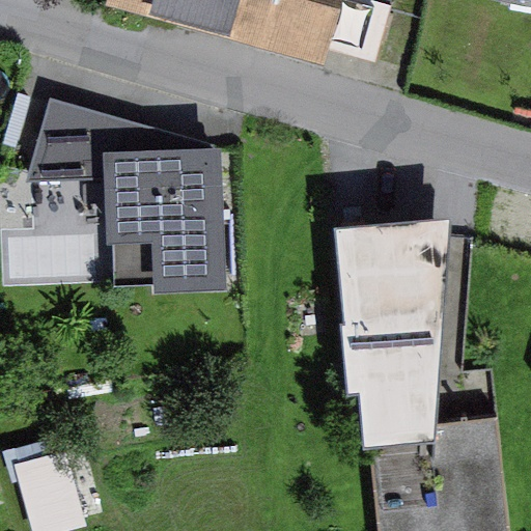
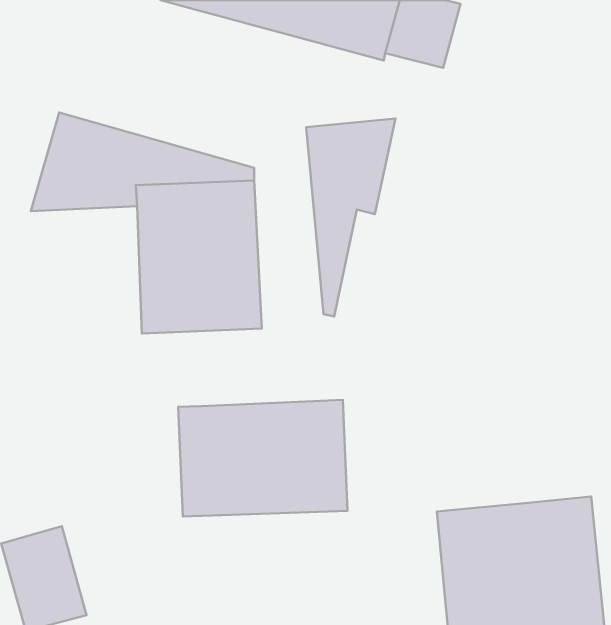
building: none -> [306,118,395,316]
building: [339,218,458,435] -> none
building: none -> [178,400,348,516]

